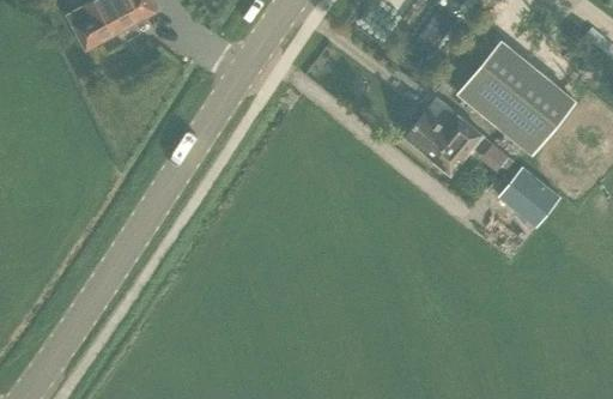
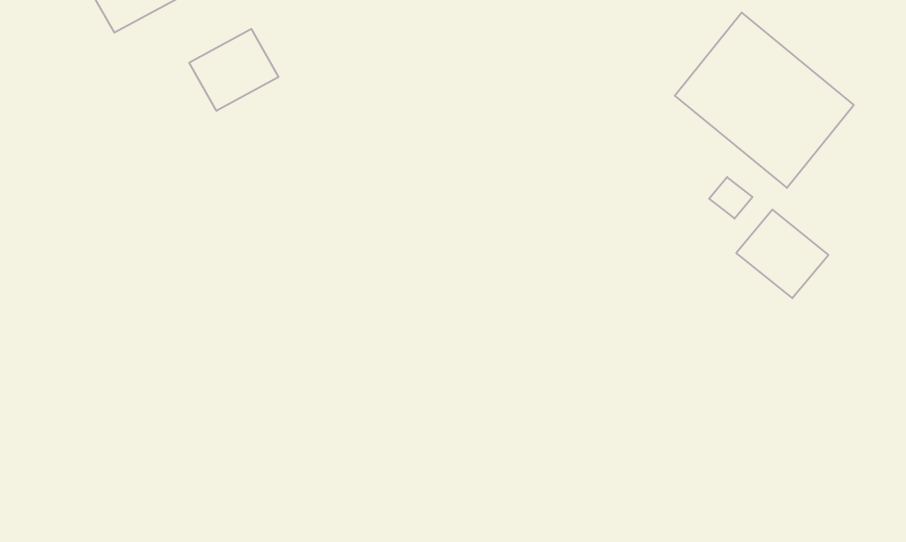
building: none -> [189,29,278,111]
building: [403,111,482,176] -> none

